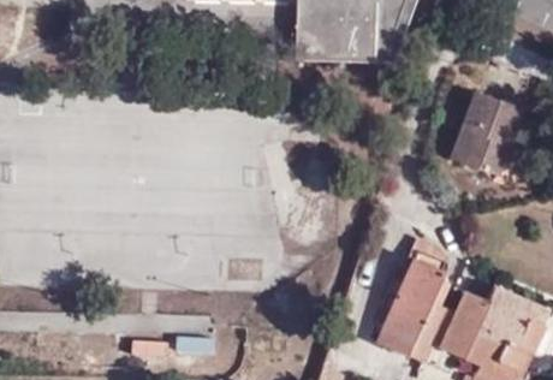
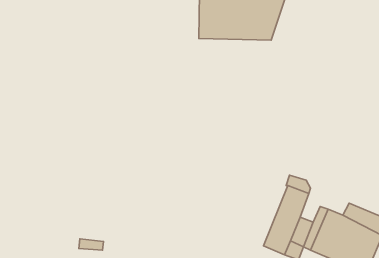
building: [441,90,513,176] -> none

